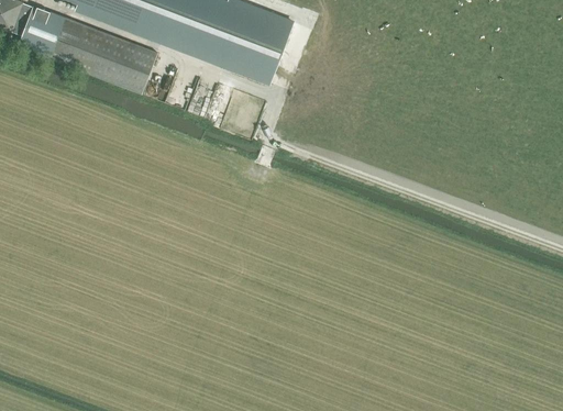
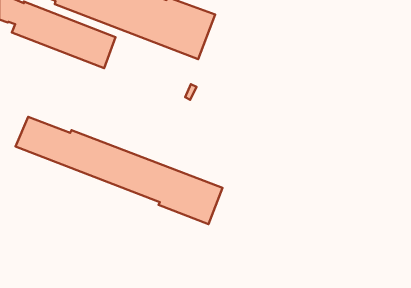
building: none -> [16,117,222,224]

